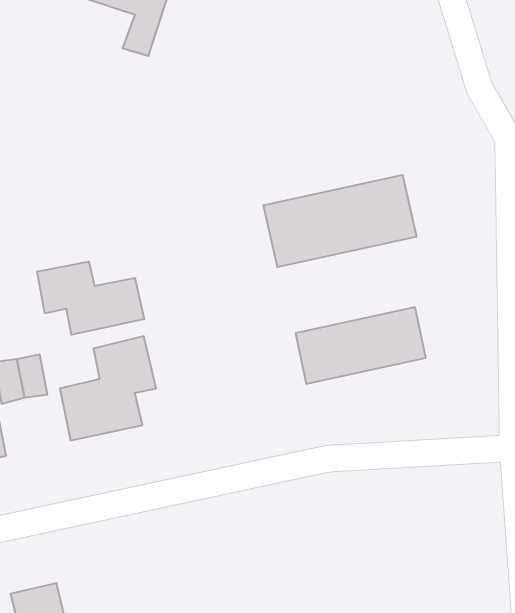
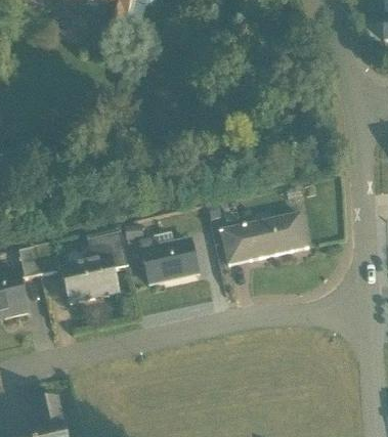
building: [264,175,416,267] -> none
building: [37,262,144,335] -> none
building: none -> [140,230,198,282]

